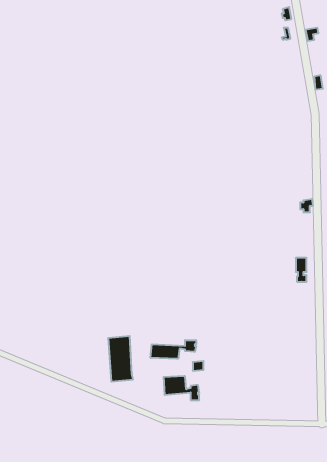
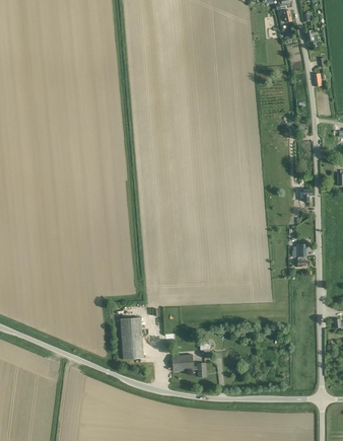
building: [151,340,196,359] -> none

